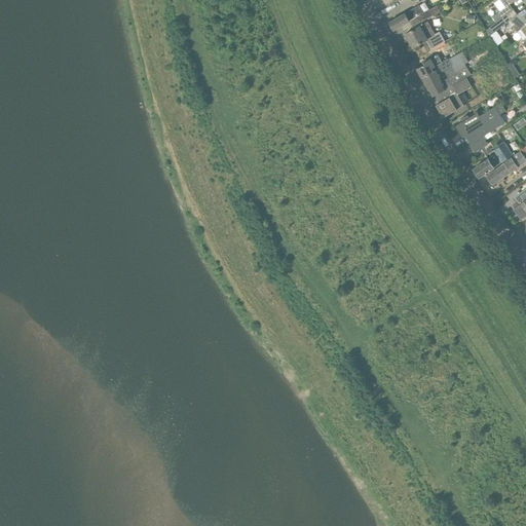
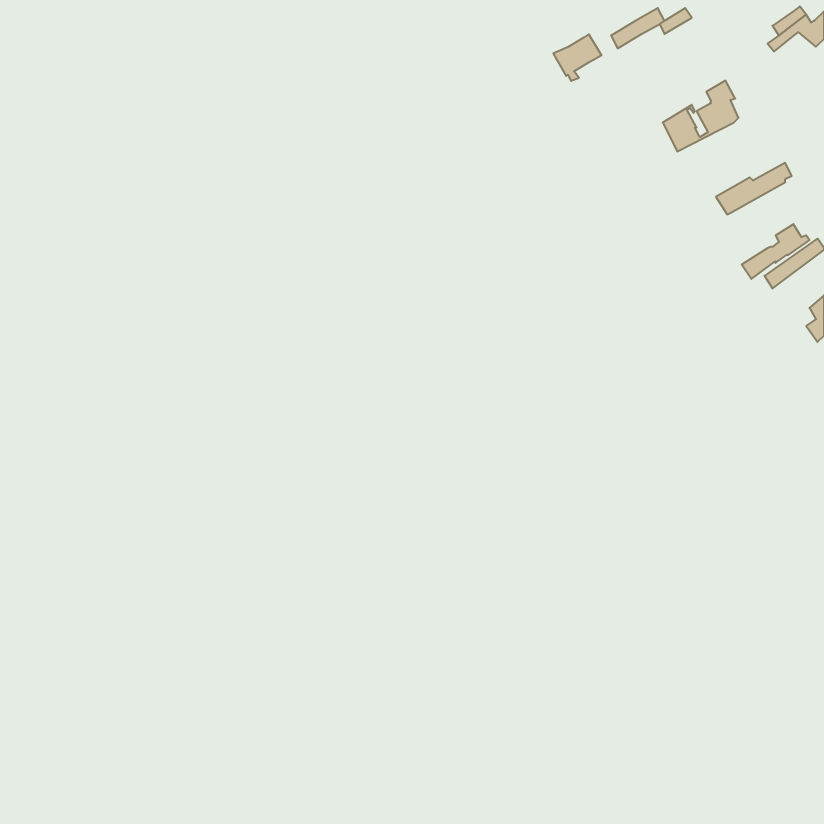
building: [405,22,436,51] -> [553,34,602,81]
building: [417,54,453,78] -> none
building: [431,78,472,117] -> none
building: [465,116,504,152] -> none

